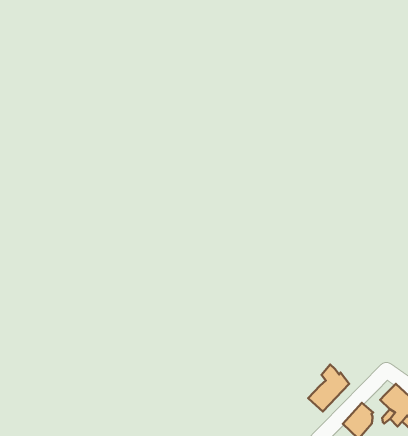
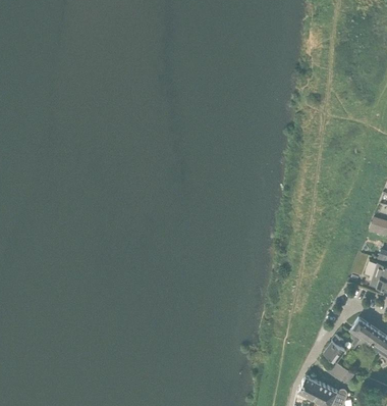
building: [308,365,349,412] -> none

